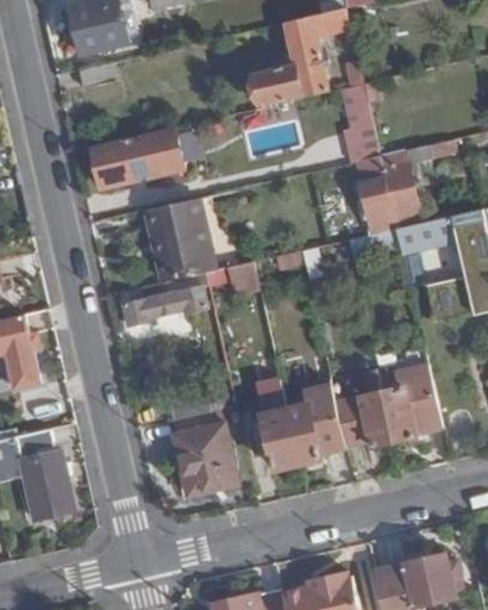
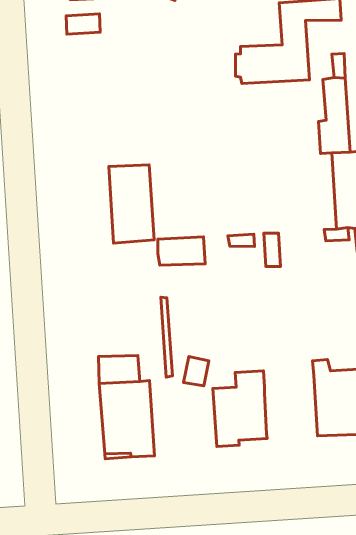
building: [90,126,183,188] -> none
building: [125,272,207,326] -> none
building: [332,380,392,444] -> none
building: [258,409,295,471] -> none

